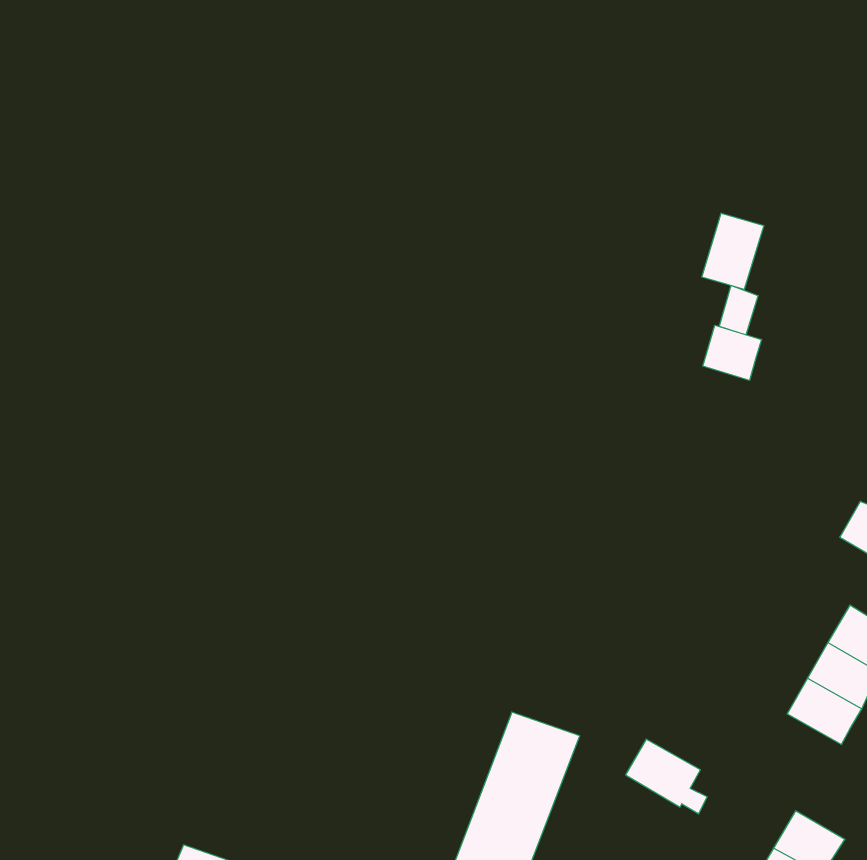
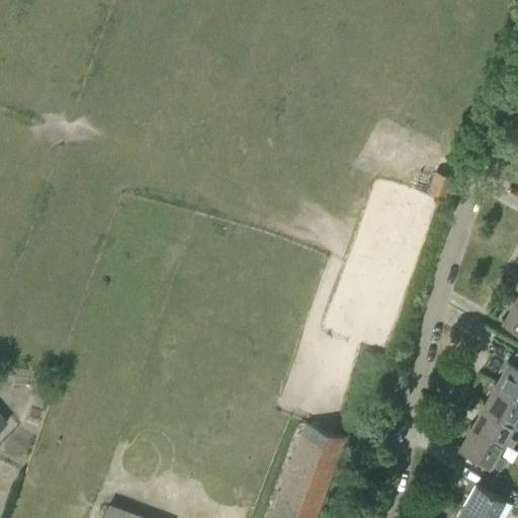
building: [702,213,764,290] -> none
building: [703,325,762,380] -> none
building: [626,739,707,814] -> [457,430,506,474]

